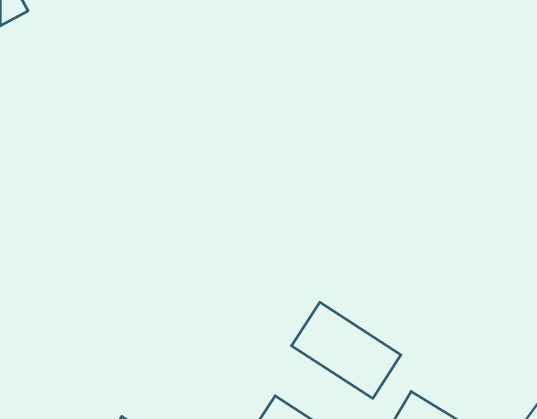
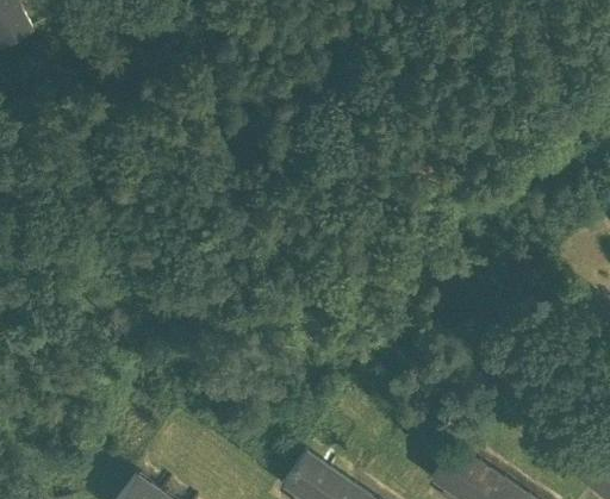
building: [291,302,401,398] -> none

